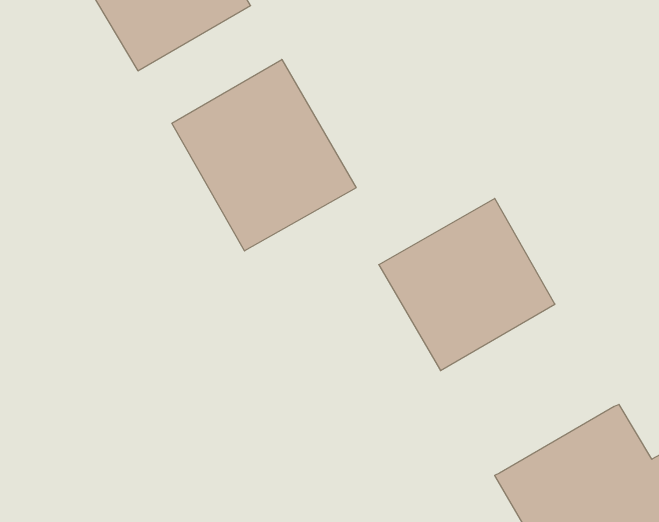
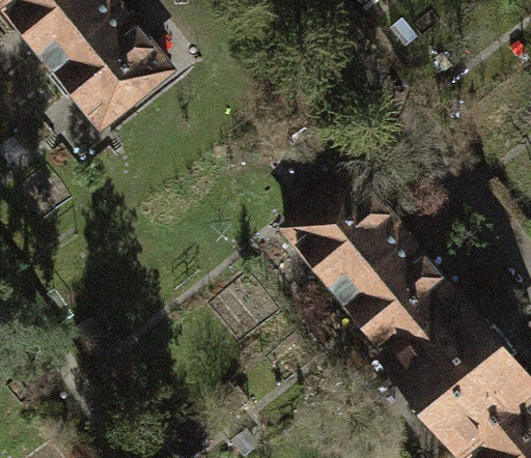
building: [172,59,356,251] -> none
building: none -> [338,240,458,360]

